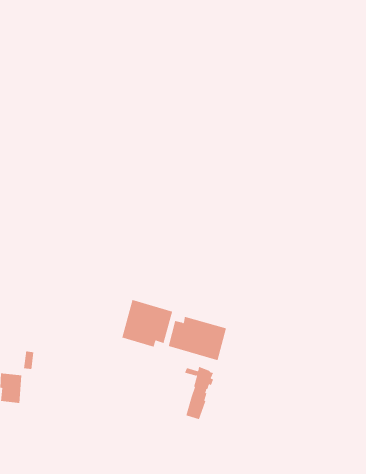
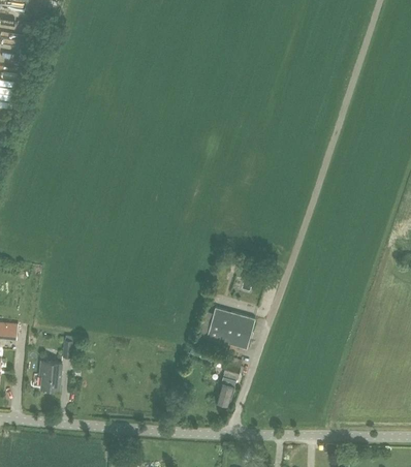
building: [121,299,173,348] -> none

